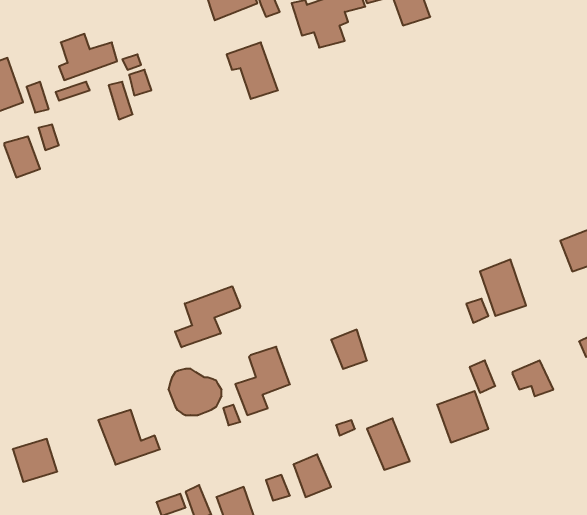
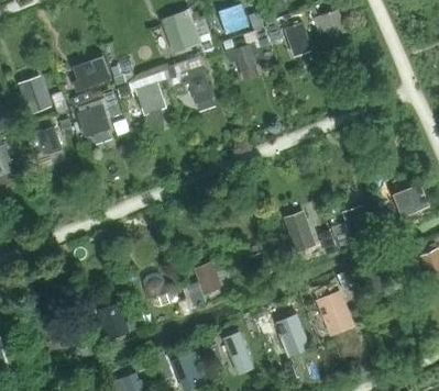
building: none -> [135,82,166,114]
building: none -> [77,105,110,137]
building: none -> [284,213,315,252]
building: [175,286,240,347] -> none

